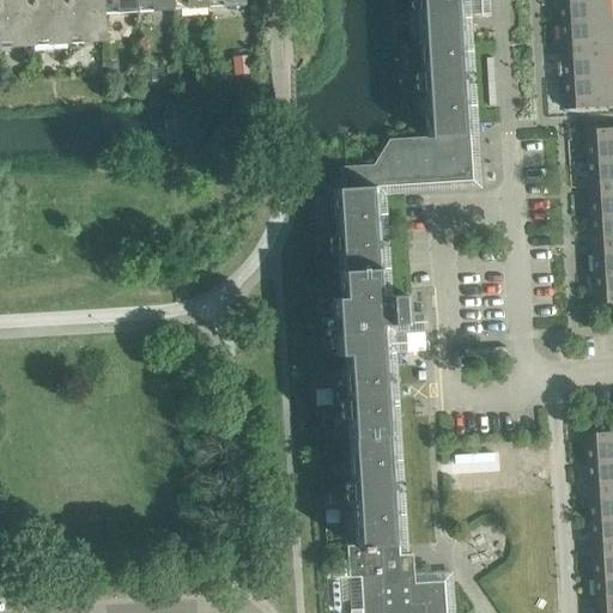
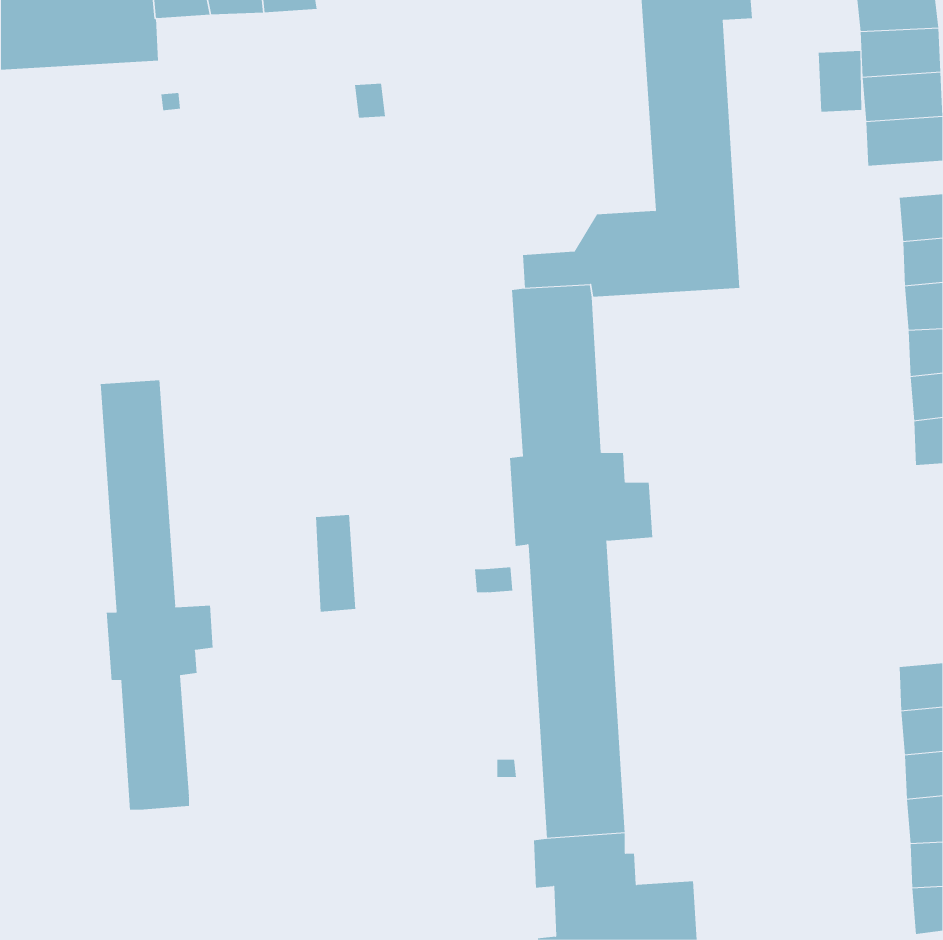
building: none -> [818,50,862,113]
building: none -> [100,380,213,810]
building: none -> [315,514,356,612]

